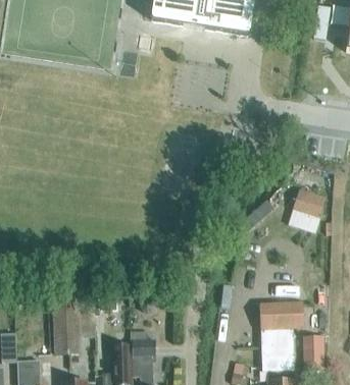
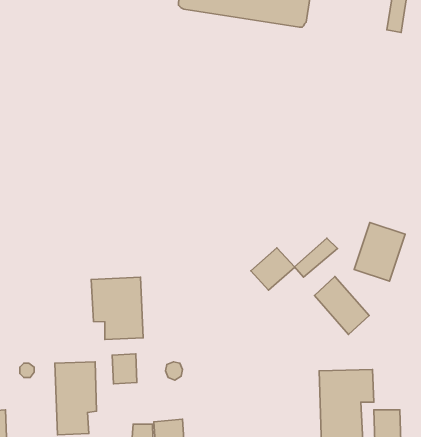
building: none -> [251,248,295,290]
building: none -> [314,276,369,335]
building: none -> [91,277,143,339]

